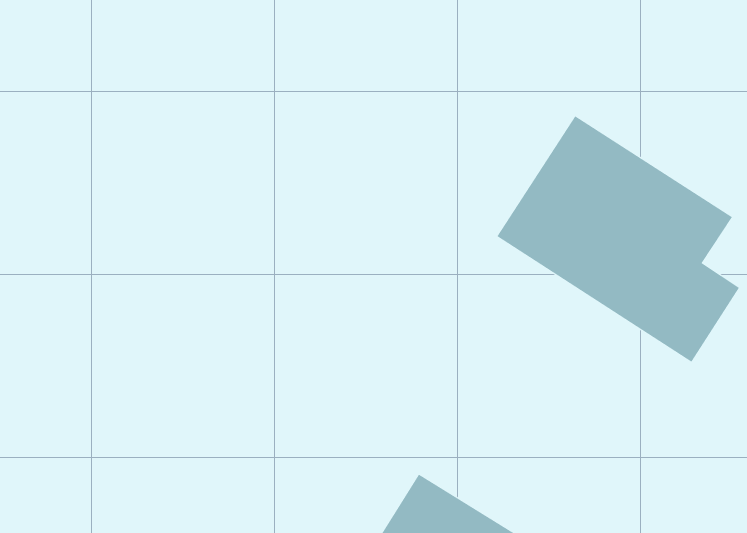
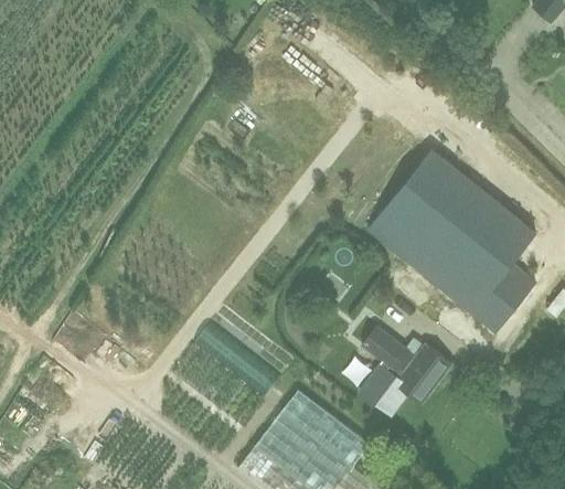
building: none -> [360,327,452,415]

